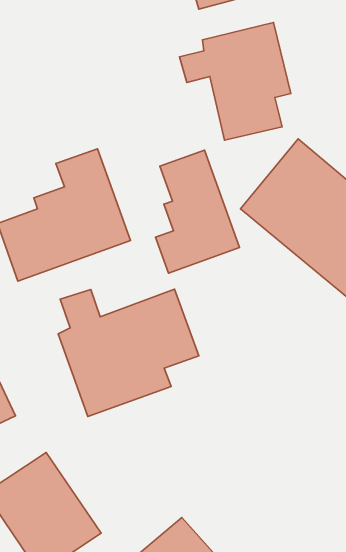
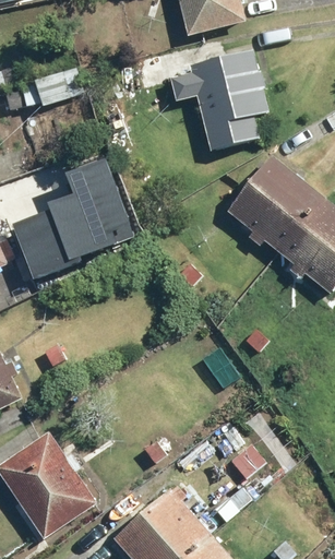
building: [155,150,239,273] -> none
building: [58,289,199,417] -> none

